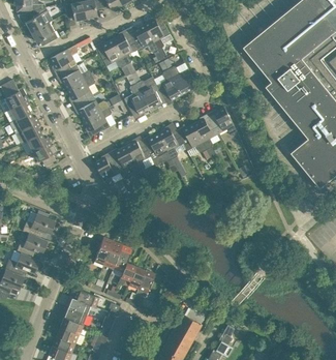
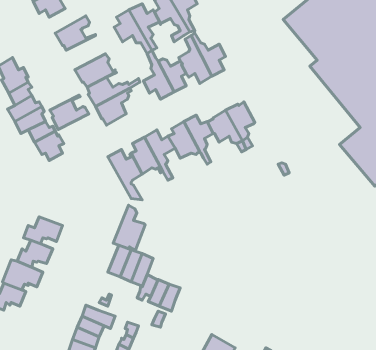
building: [59,60,92,89] -> [50,95,89,130]
building: [209,107,238,134] -> none
building: none -> [113,205,145,250]

